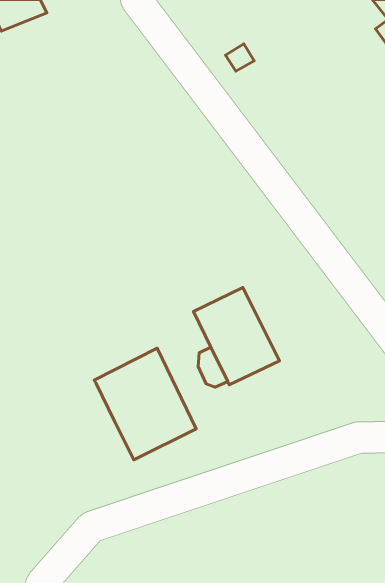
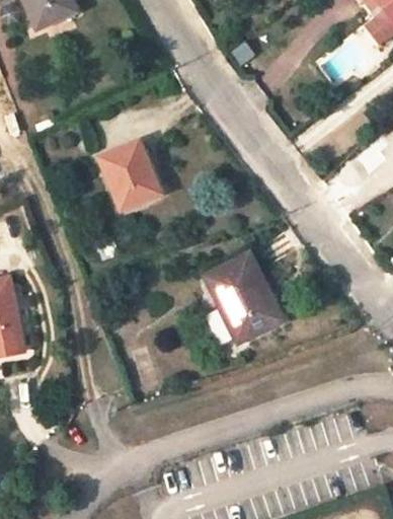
building: none -> [99,143,159,210]
building: [94,348,196,460] -> none

